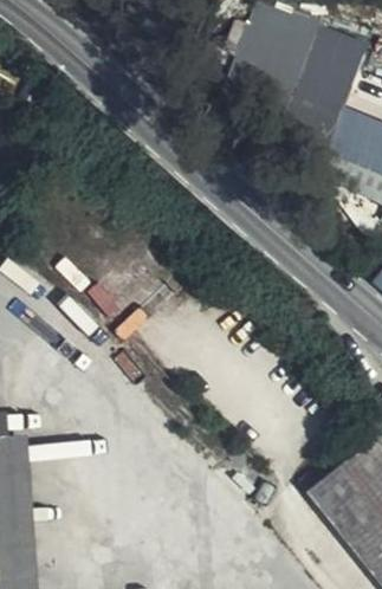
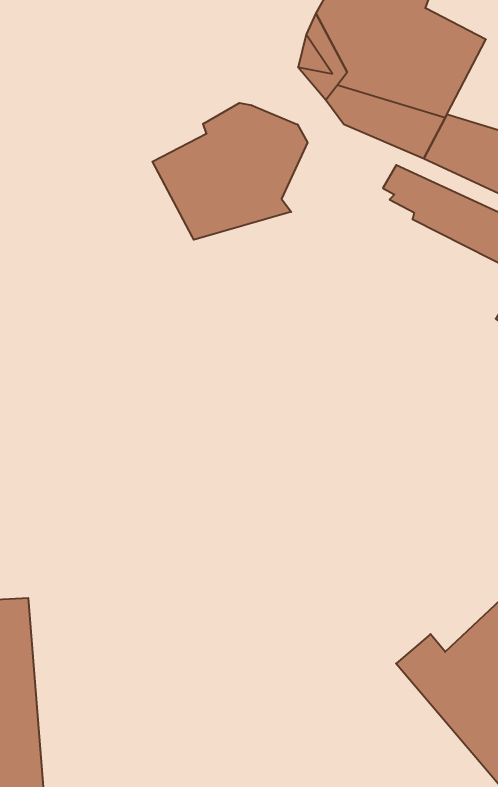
building: none -> [152,103,307,240]

